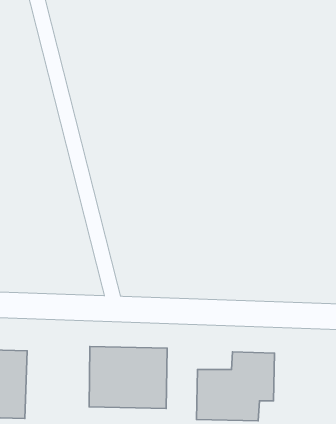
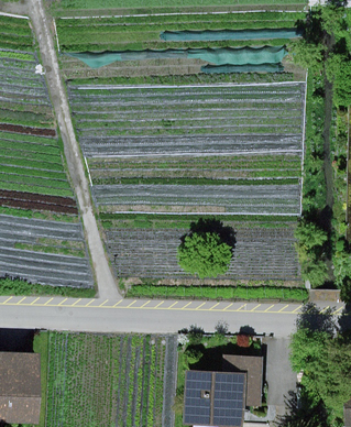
building: [89,346,167,409] -> none

